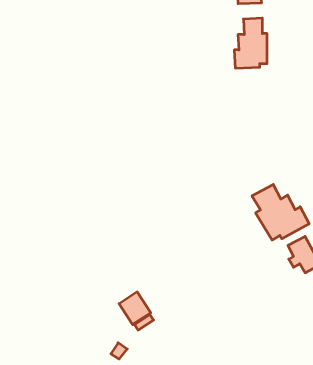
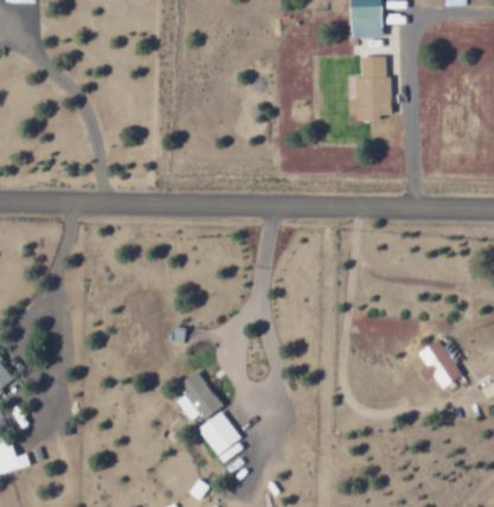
building: [252,184,309,240] -> none
building: none -> [177,371,224,421]

